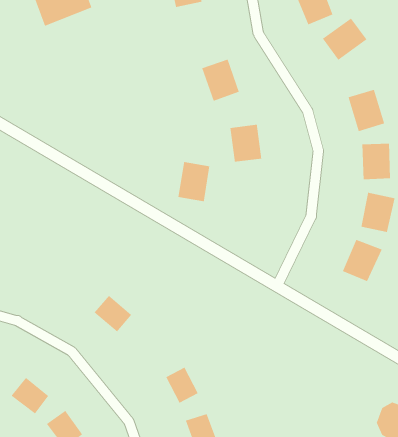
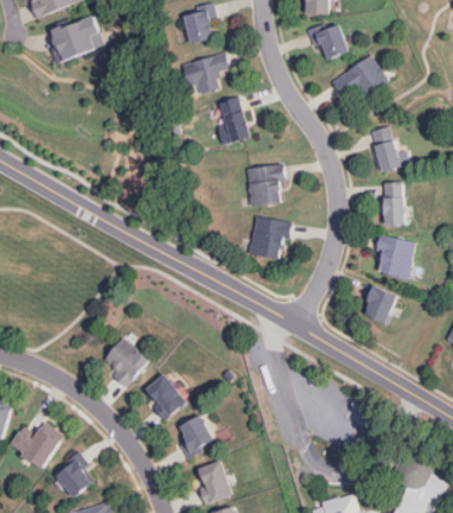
building: none -> [183,54,223,97]
building: [177,161,210,202] -> [249,216,283,258]
building: none -> [144,375,183,415]

